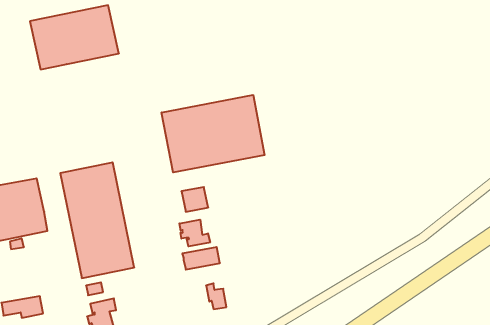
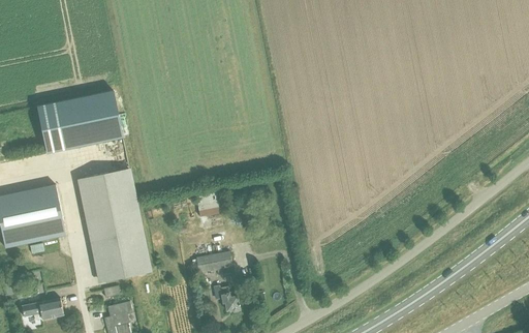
building: [30,5,119,69] -> [37,91,123,153]
building: [162,95,265,172] -> none
building: [179,220,210,246] -> none

